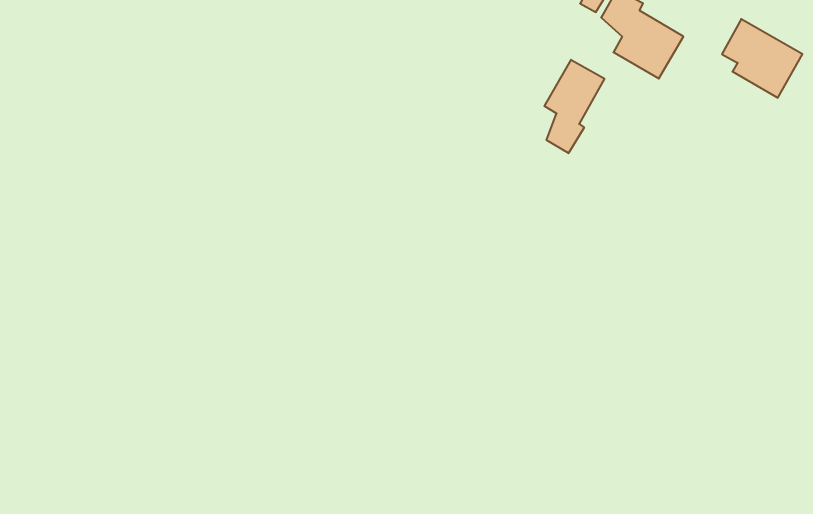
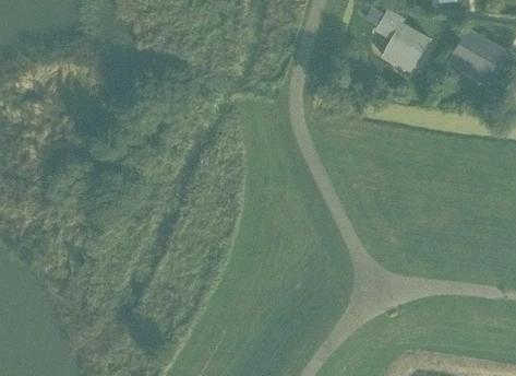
building: [544,60,604,153] -> none

